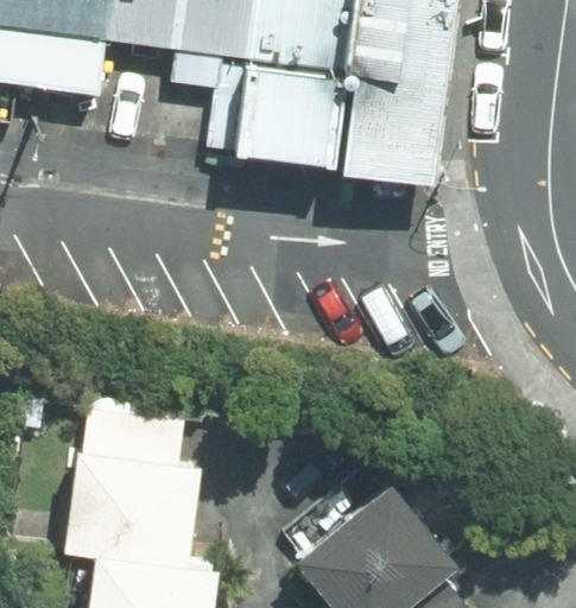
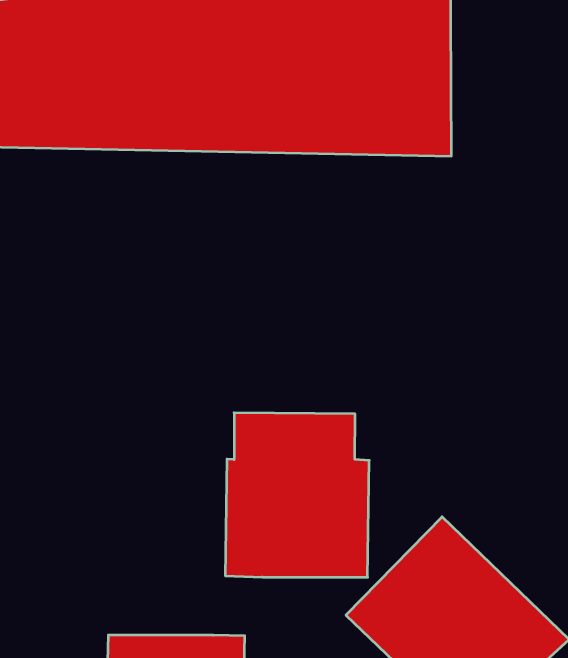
building: [68,401,200,552] -> [225,413,369,577]

